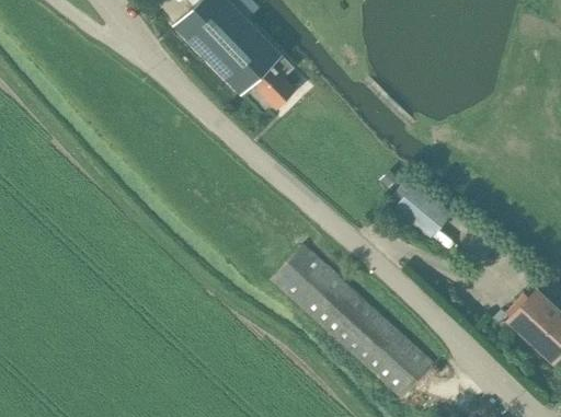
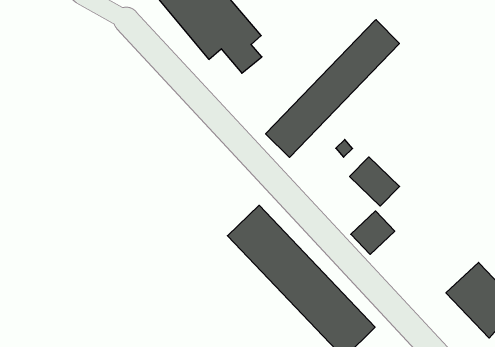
building: none -> [266,20,399,157]
building: none -> [351,211,395,254]

